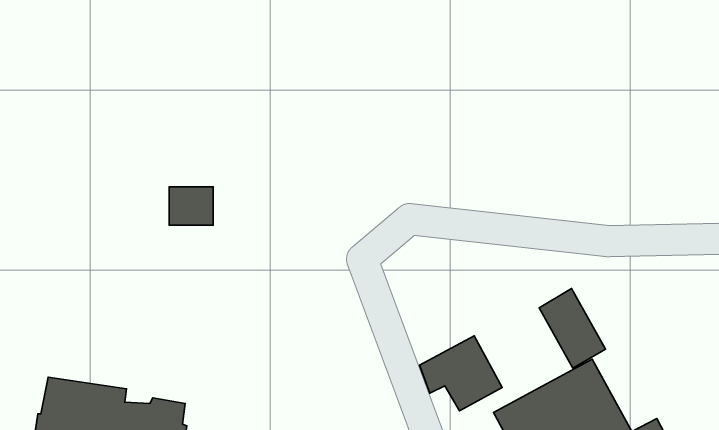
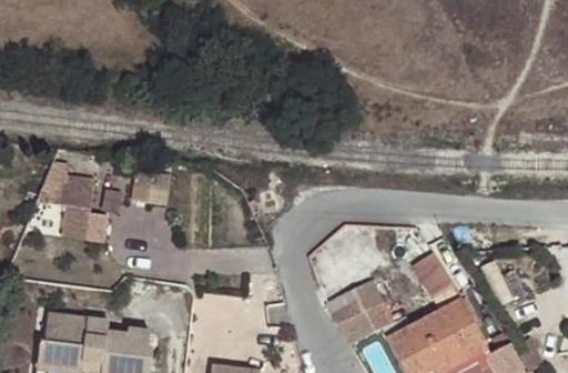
building: none -> [37,169,106,240]

